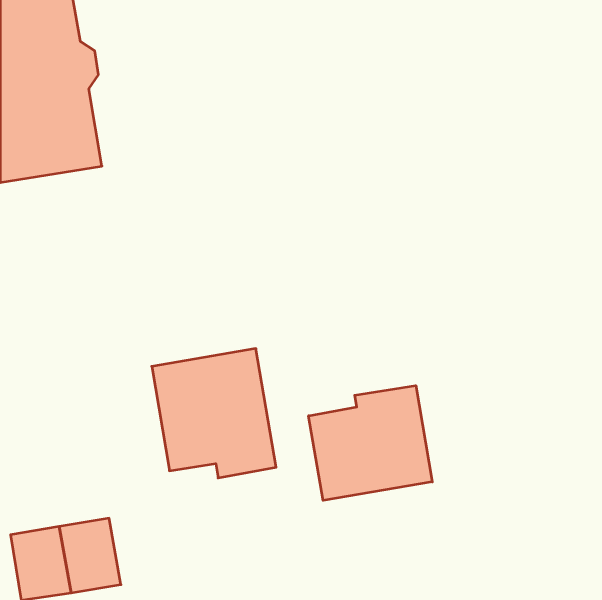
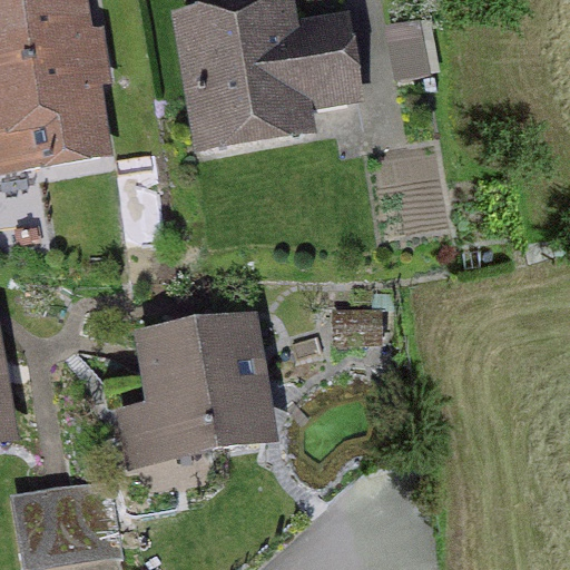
building: none -> [184,11,351,144]
building: [309,386,432,500] -> none

